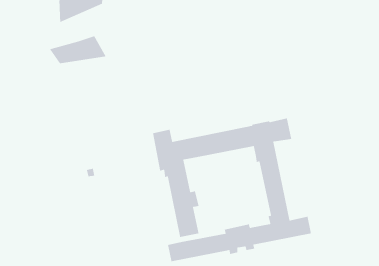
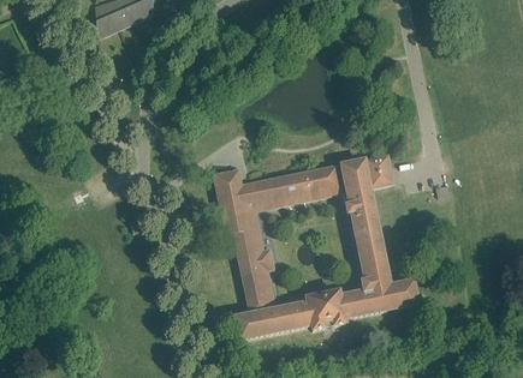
building: [49,36,107,64] -> none

